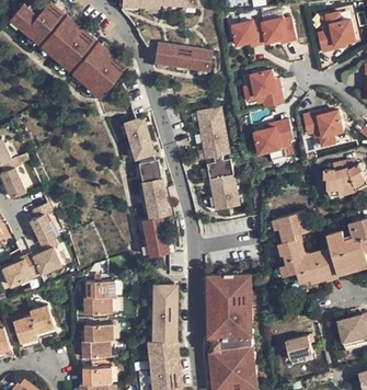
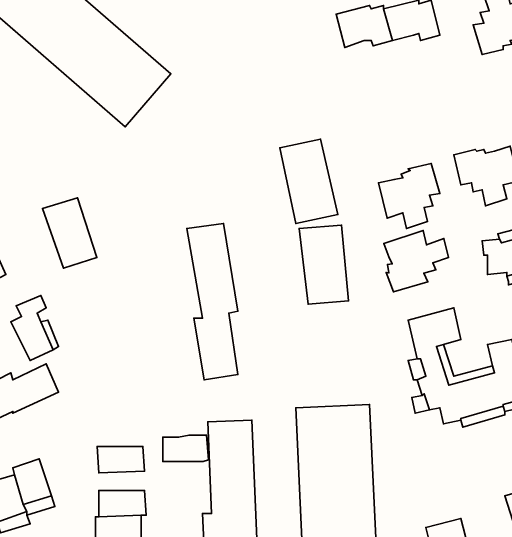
building: [151,38,214,70] -> none
building: [244,71,285,110] -> none
building: [122,115,156,159] -> [42,198,97,268]
building: none -> [384,231,449,292]
building: [85,280,114,297] -> [163,435,208,462]

